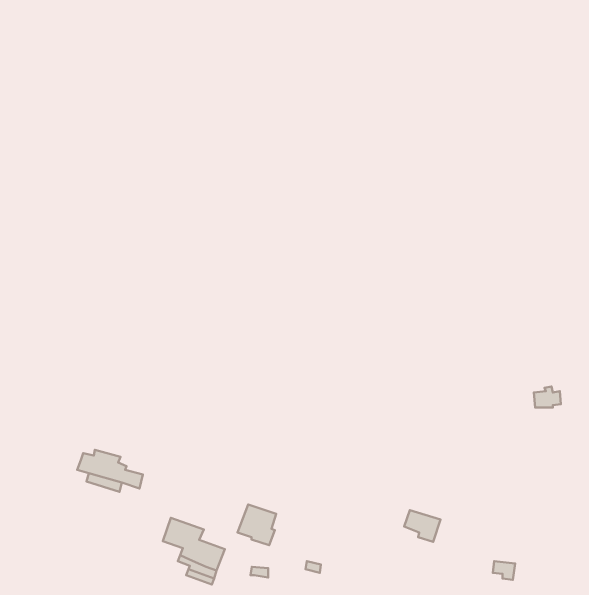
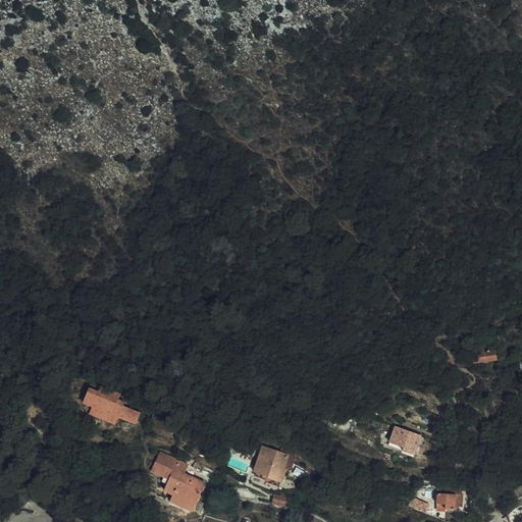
building: [237,504,276,545] -> [256,443,290,479]
building: [404,510,440,542] -> [389,424,421,452]

